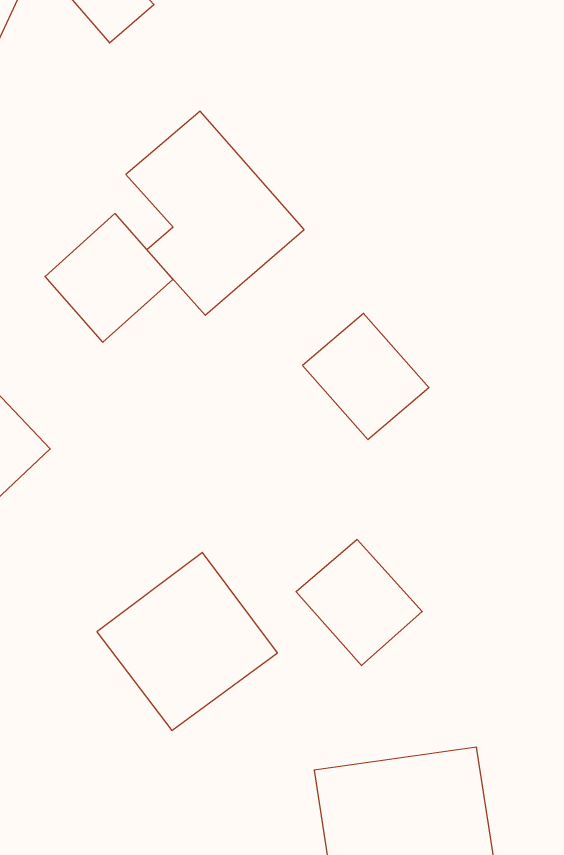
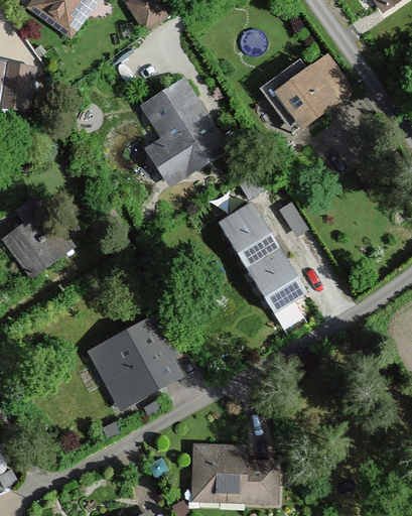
building: none -> [274,63,342,132]
building: [45,214,173,342] -> none
building: [296,540,422,666] -> [247,245,313,313]

